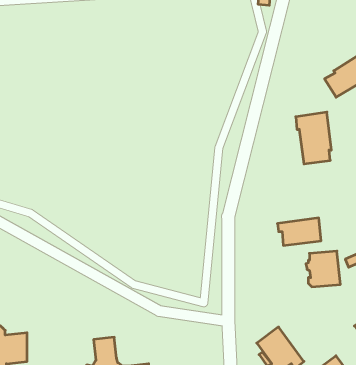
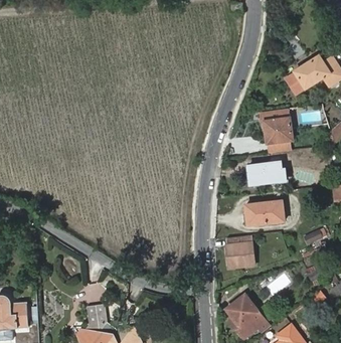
building: none -> [248,162,286,185]
building: [306,251,340,287] -> [224,236,254,268]

